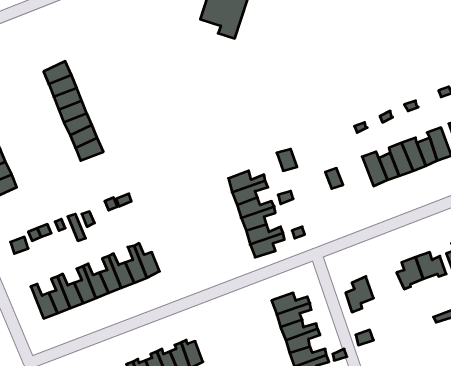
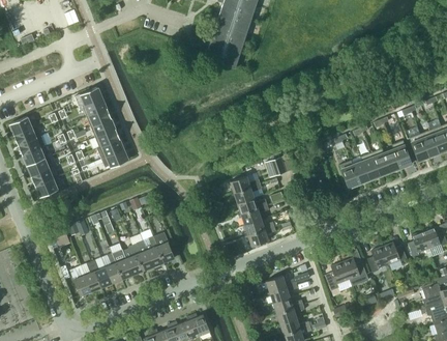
building: none -> [341,257,368,286]

